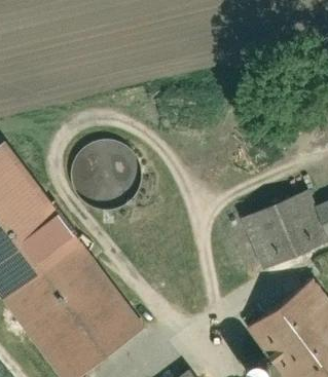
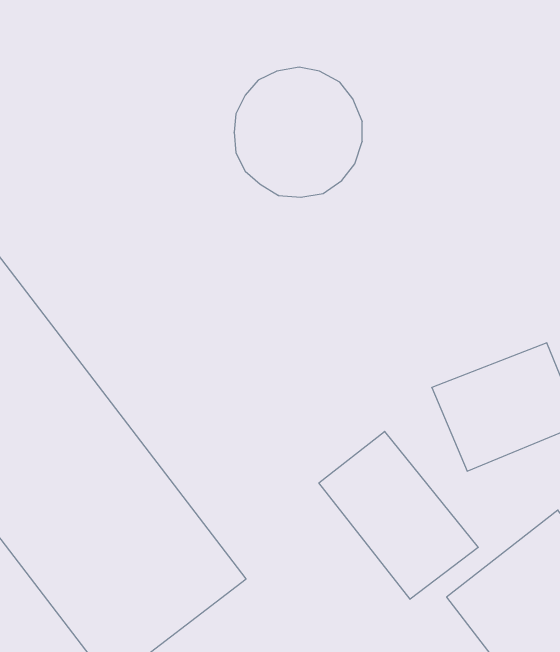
building: [69,133,140,204] -> [234,67,362,197]
building: none -> [319,431,478,599]

